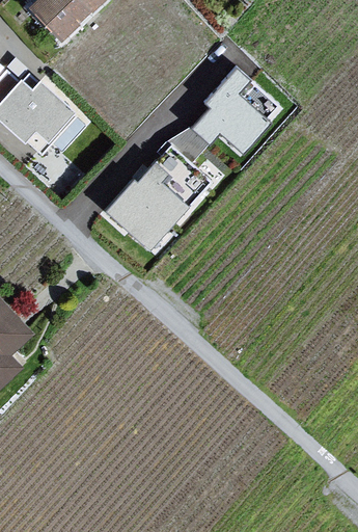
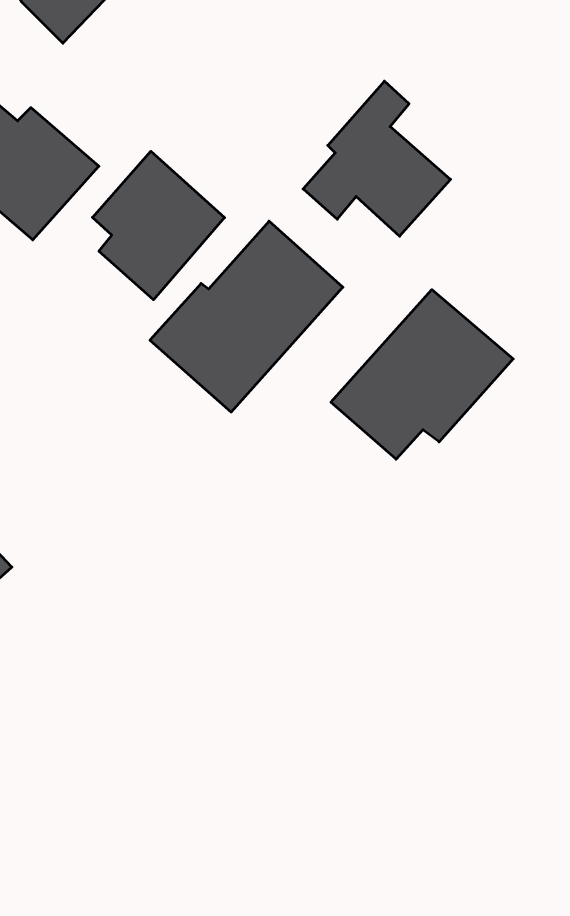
building: none -> [92,151,225,300]
building: none -> [331,290,513,459]

